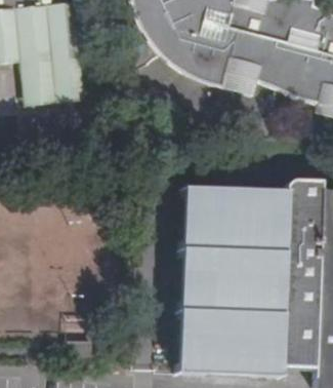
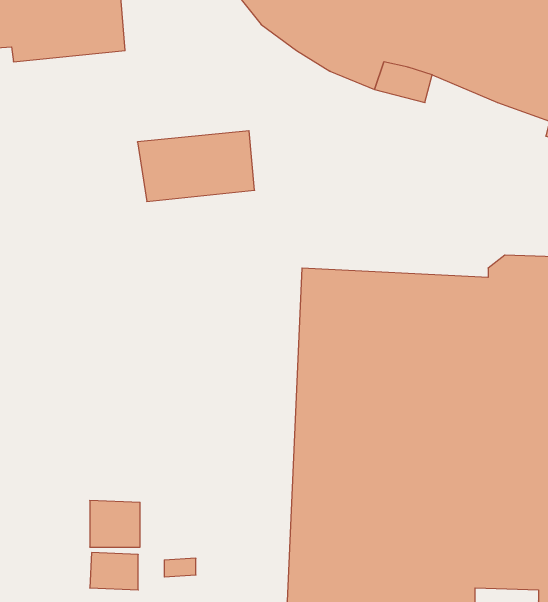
building: [23,66,87,105] -> [137,131,255,201]

